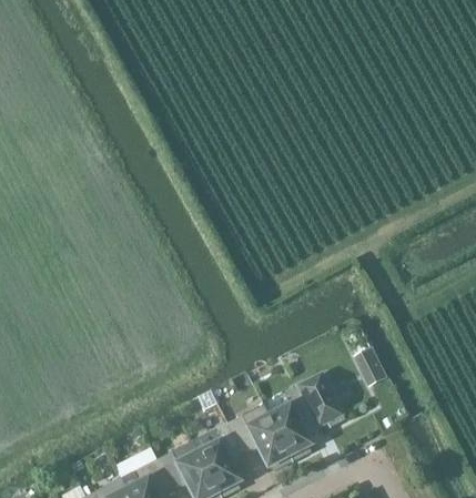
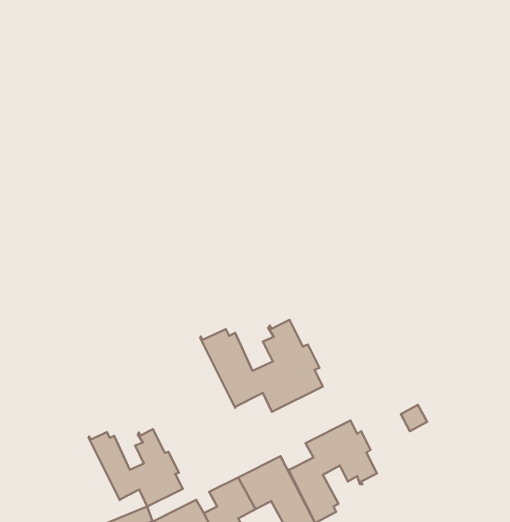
building: none -> [200,320,323,412]
building: none -> [89,429,183,507]

